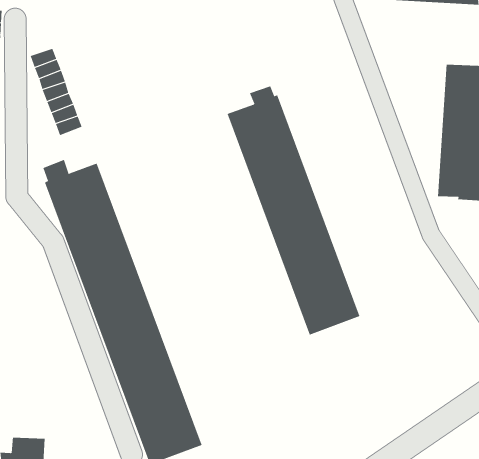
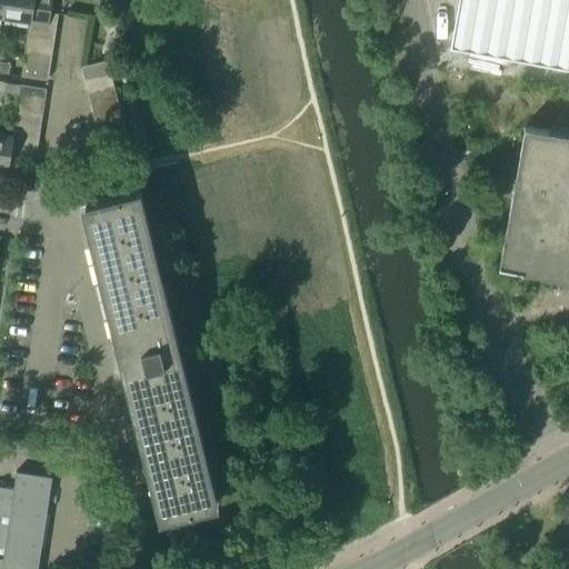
building: [227,85,360,335] -> none

